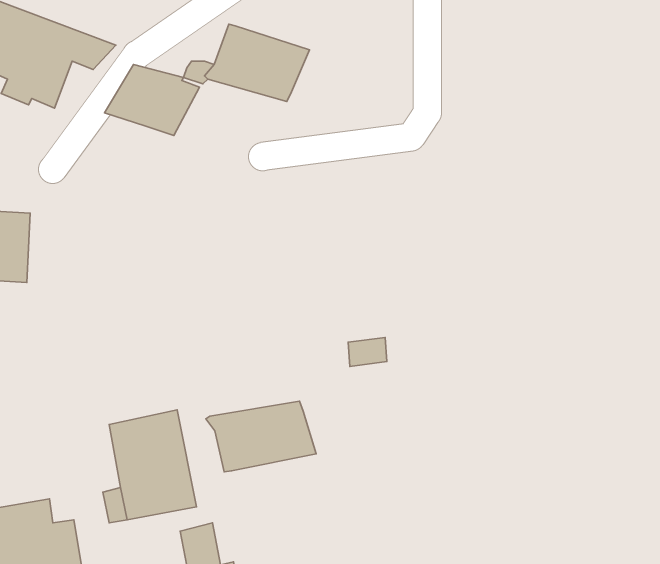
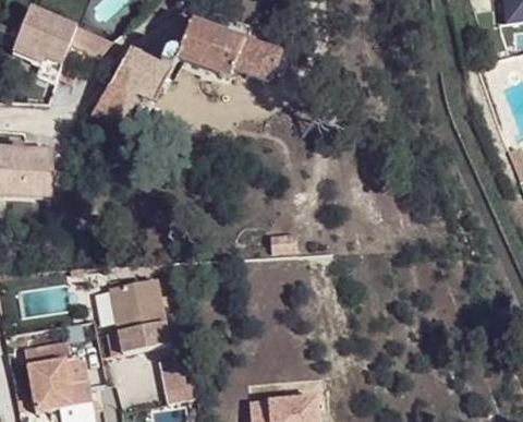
building: none -> [233,38,280,76]
building: none -> [88,81,134,119]
building: [206,401,316,472] -> none

